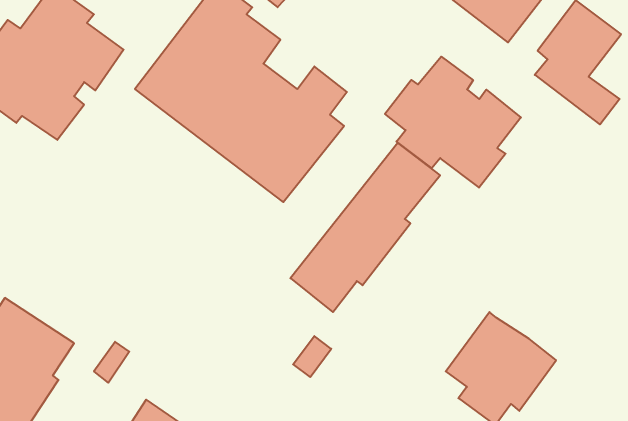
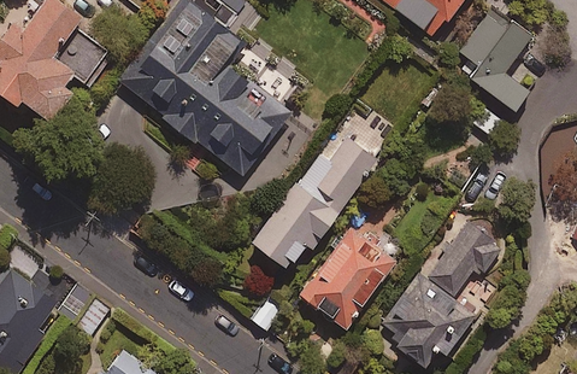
building: [385,57,521,188] -> none
building: none -> [425,220,502,296]
building: none -> [299,228,395,332]

